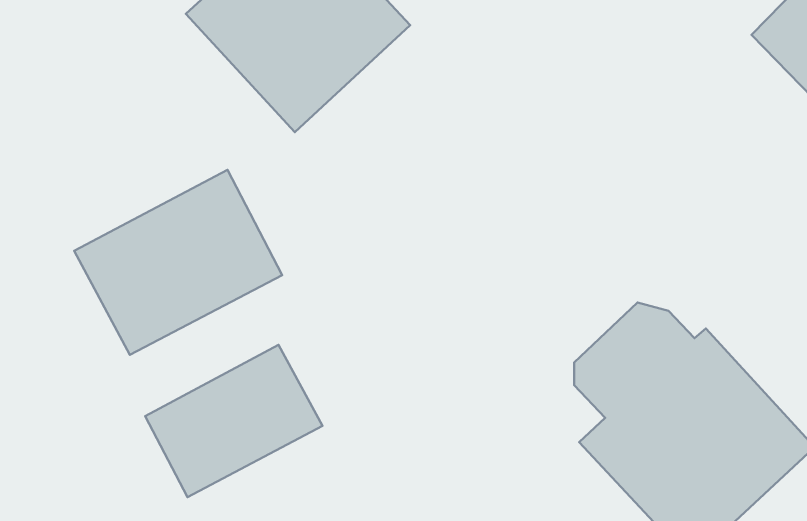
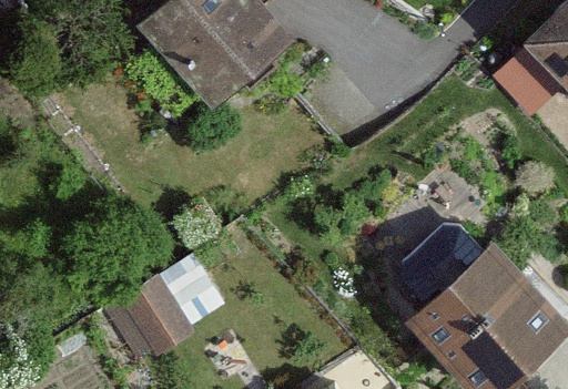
building: [74,170,282,355] -> none

